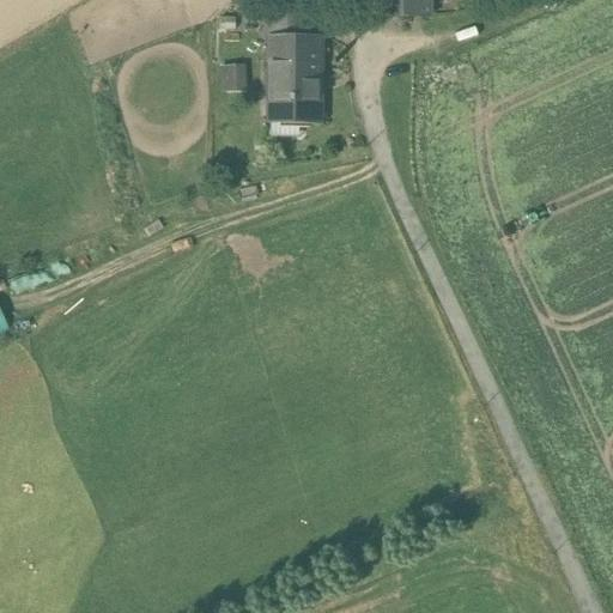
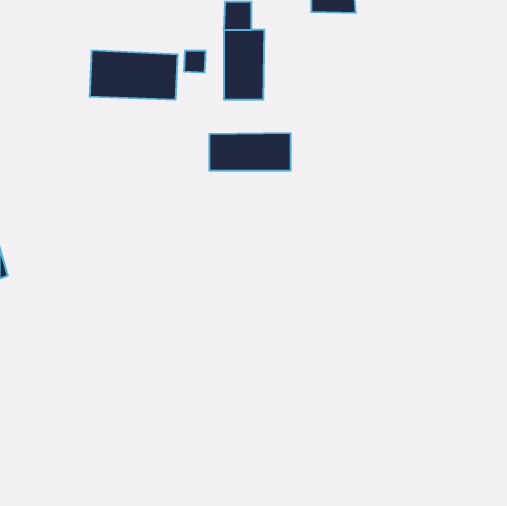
building: none -> [90,50,177,100]
building: none -> [209,133,290,171]

